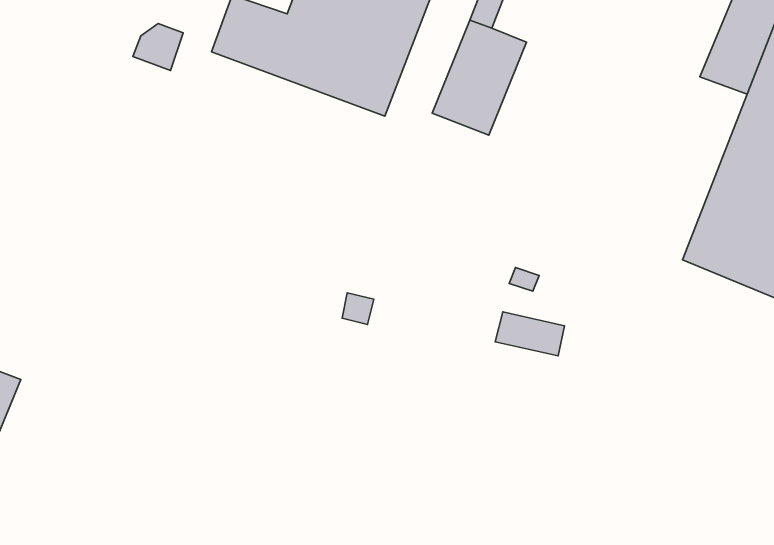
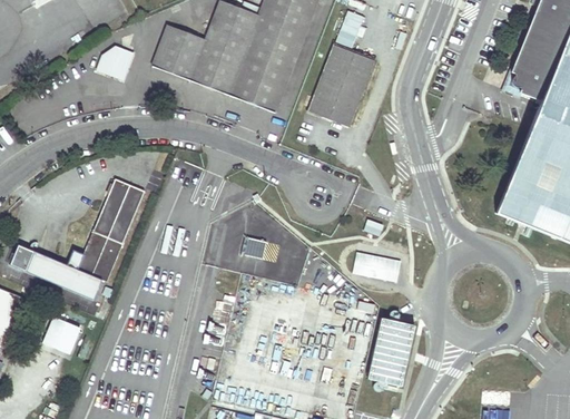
building: none -> [10,178,146,301]
building: none -> [42,314,82,354]
building: none -> [368,315,417,386]

